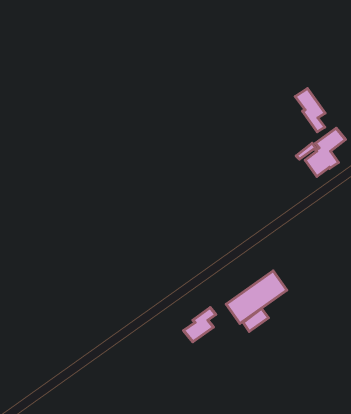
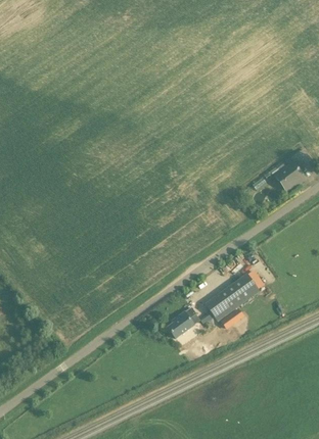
building: [295,89,325,132] -> none

